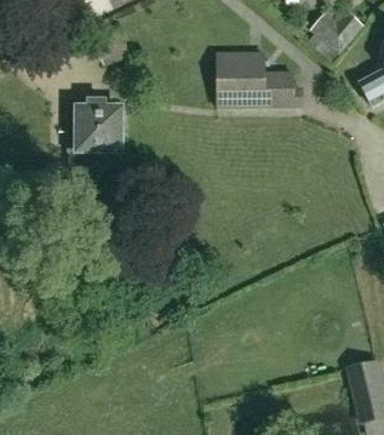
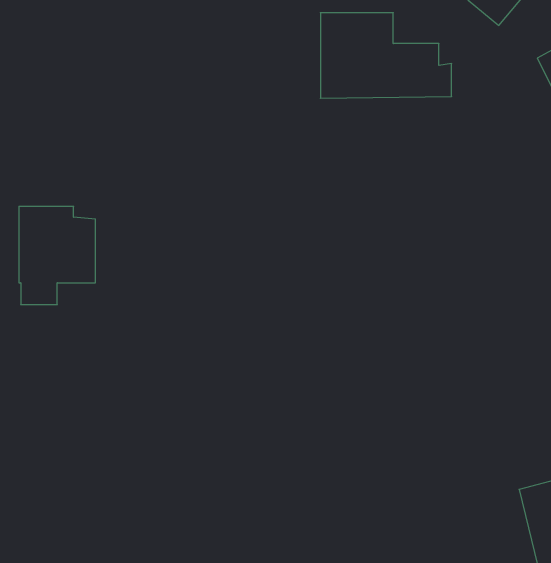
building: [68,99,119,165] -> [19,206,95,305]

